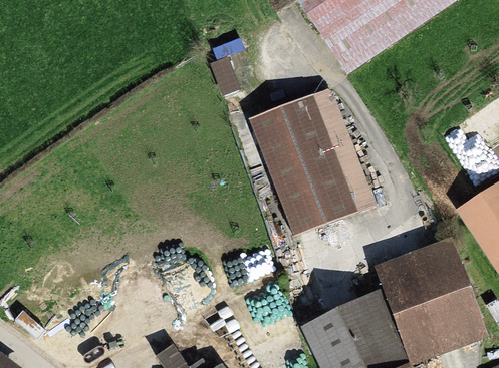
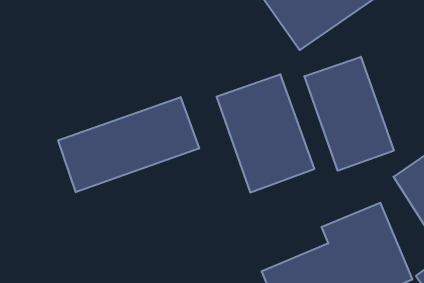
building: none -> [304,57,394,171]
building: none -> [58,97,199,192]

